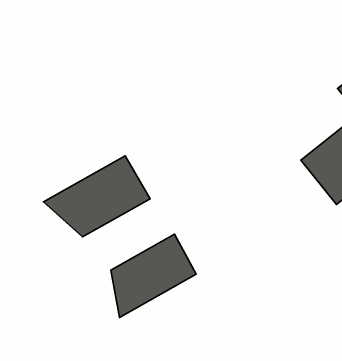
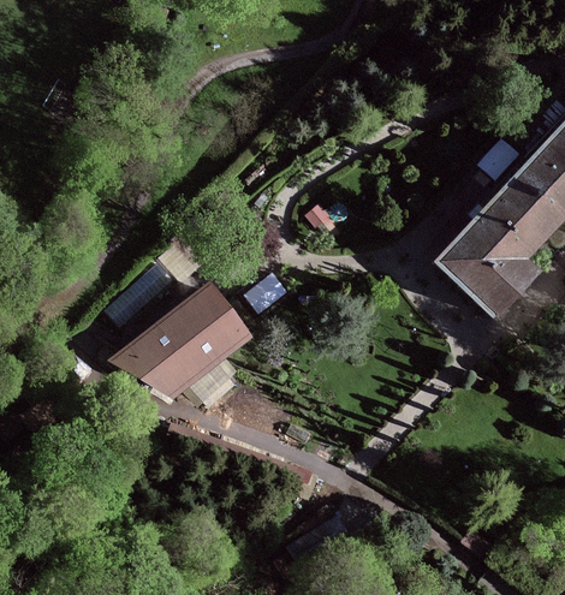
building: [111,234,196,318] -> none

